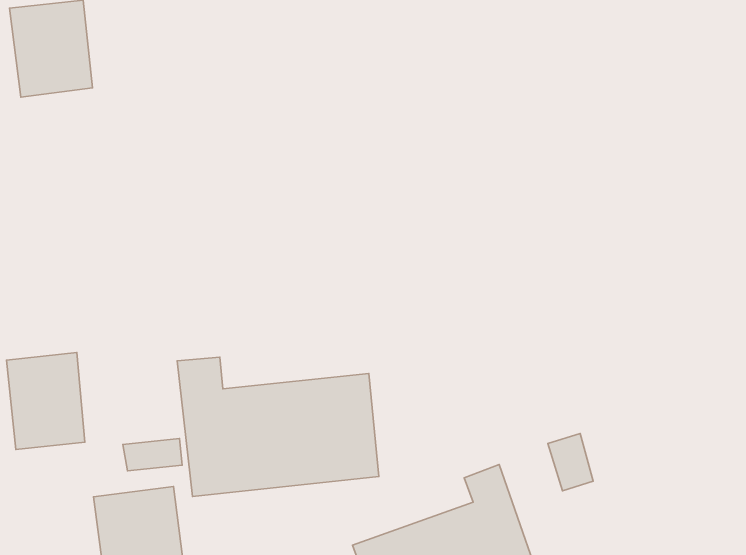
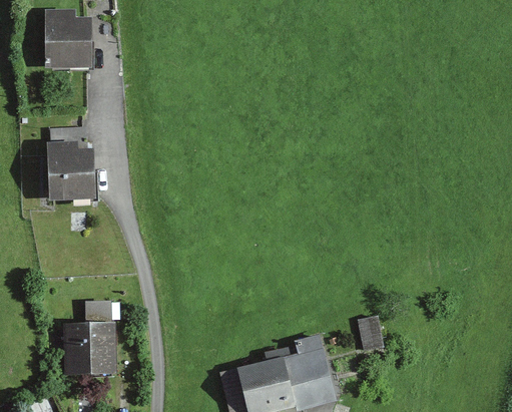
building: [6,353,85,449] -> [49,142,94,199]
building: [177,357,379,496] -> none

